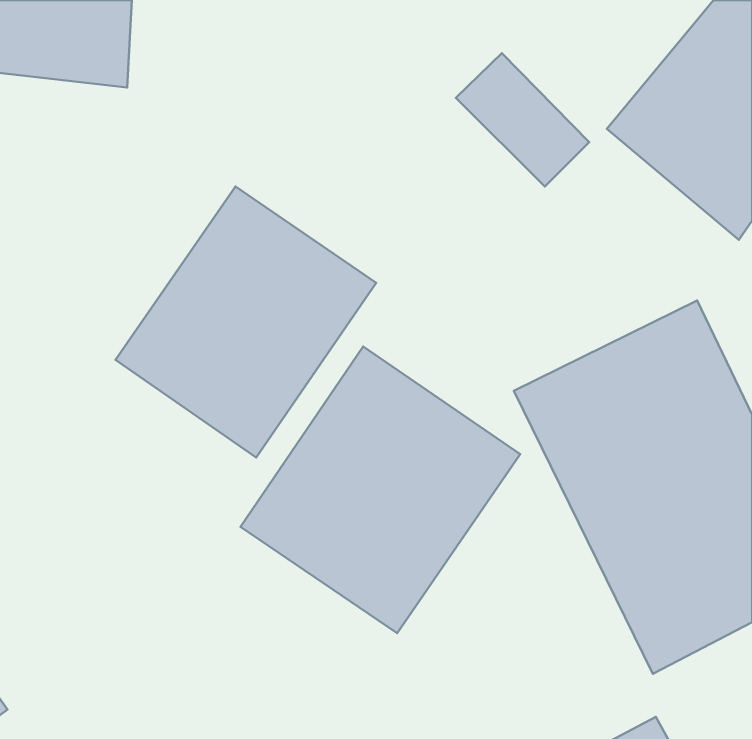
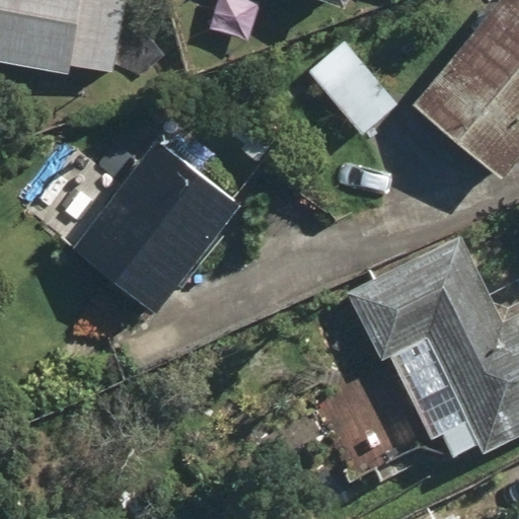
building: [240,346,520,633] -> none

